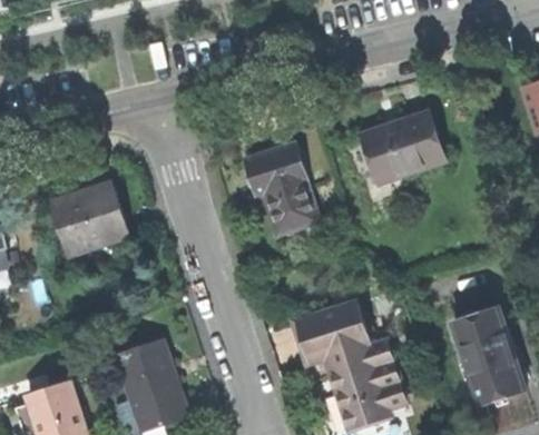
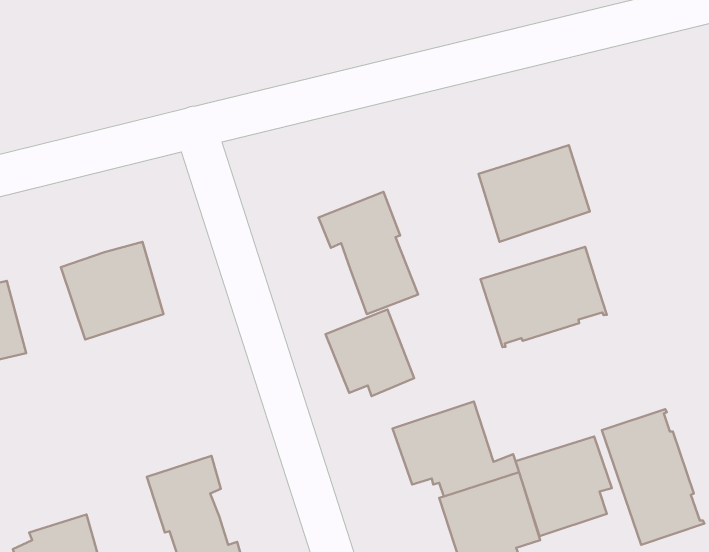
building: none -> [481,247,607,347]
building: none -> [325,310,414,396]
building: none -> [516,436,612,536]

